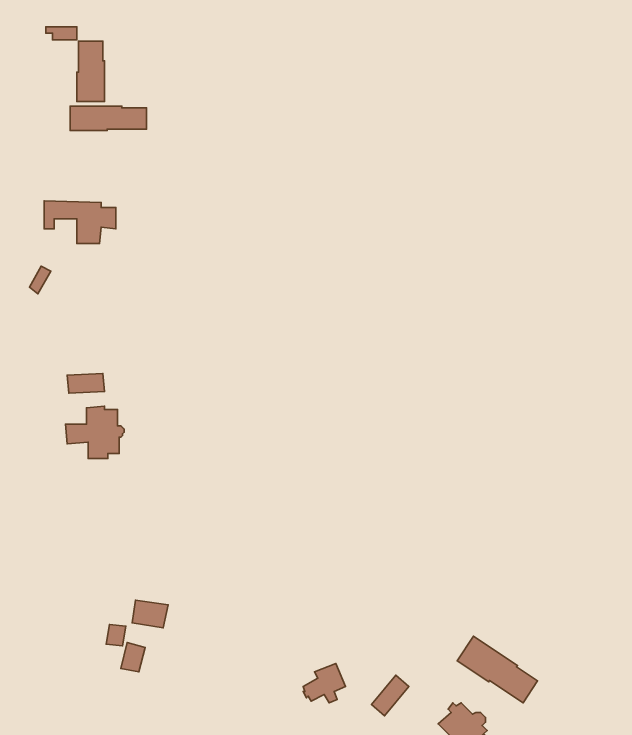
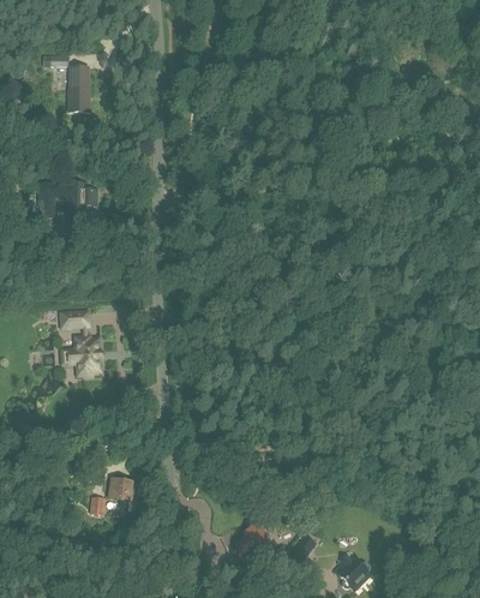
building: [70,106,147,131] -> none
building: [457,636,538,703] -> none

